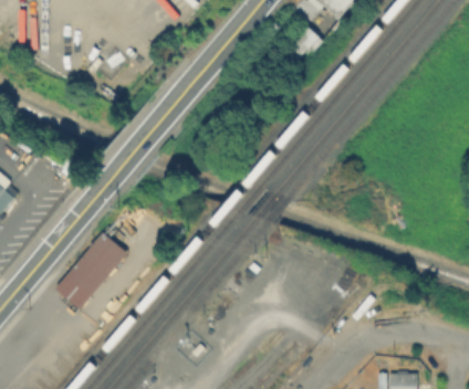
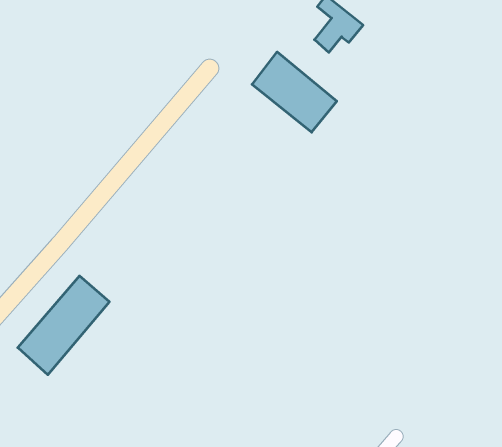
building: none -> [252,52,337,132]

